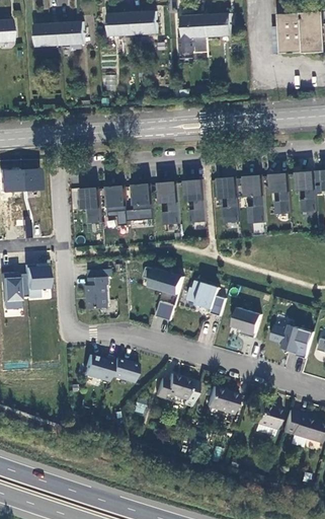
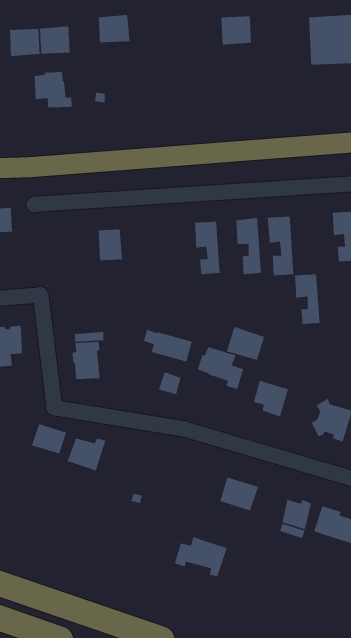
building: [132,11,158,34] -> none
building: [179,14,208,48] -> none
building: none -> [34,71,72,108]
building: [270,173,292,215] -> [294,274,321,325]
building: [159,181,180,225] -> none
building: [133,183,153,211] -> none
building: [81,187,102,223] -> none
building: none -> [226,326,265,361]
building: [108,357,138,382] -> [31,423,67,455]
building: [154,373,197,406] -> [174,536,228,578]

